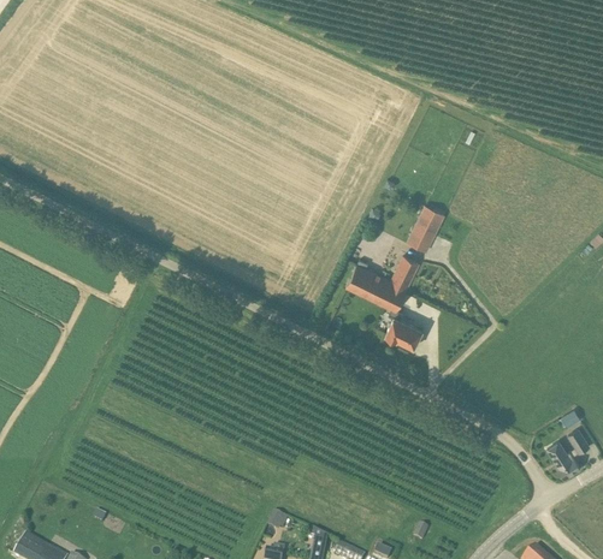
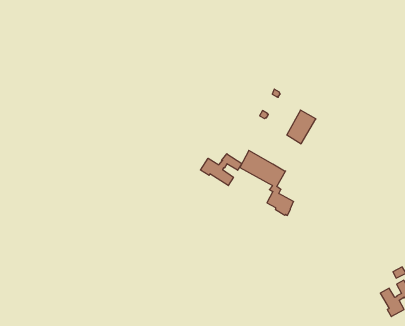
building: [390,255,419,289] -> none
building: none -> [200,154,242,186]

